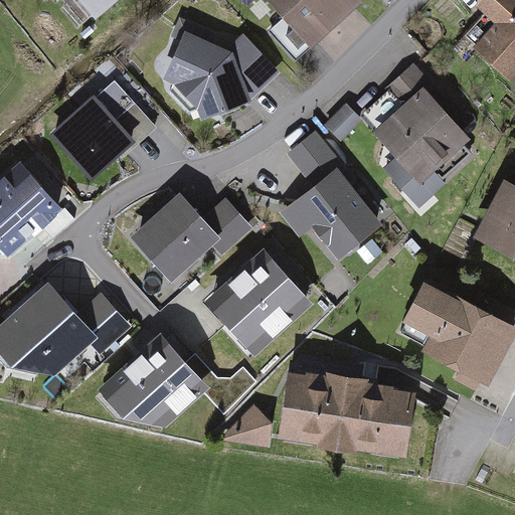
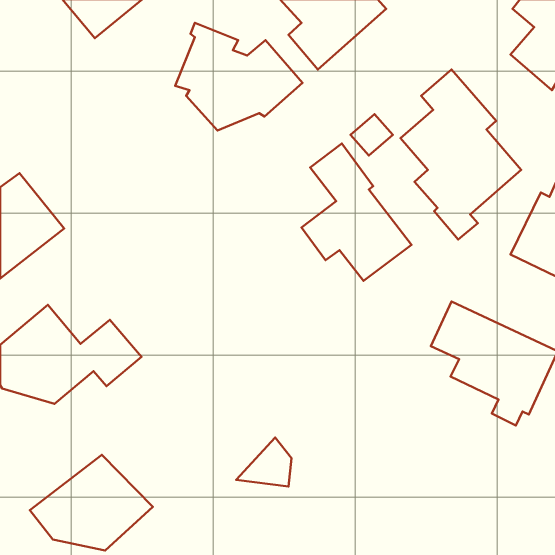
building: [48,59,154,181] -> none
building: [129,193,254,282] -> none
building: [205,246,311,351] -> none
building: [95,335,208,423] -> [30,455,153,550]
building: [273,368,411,459] -> none

